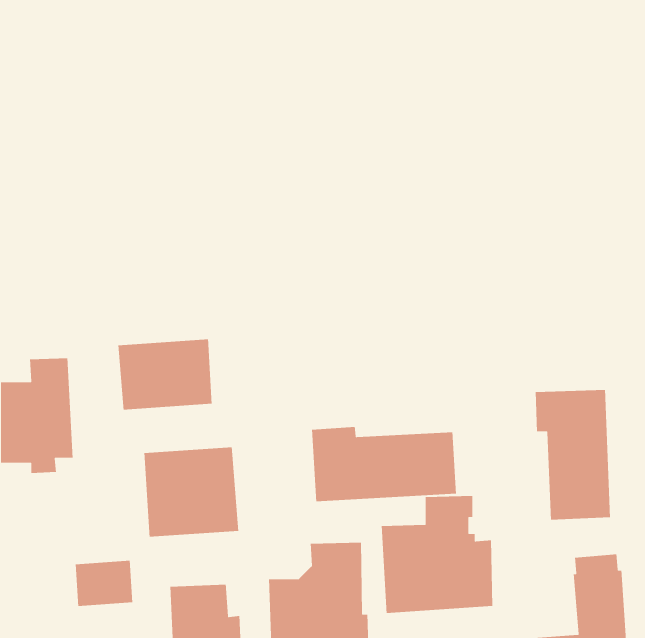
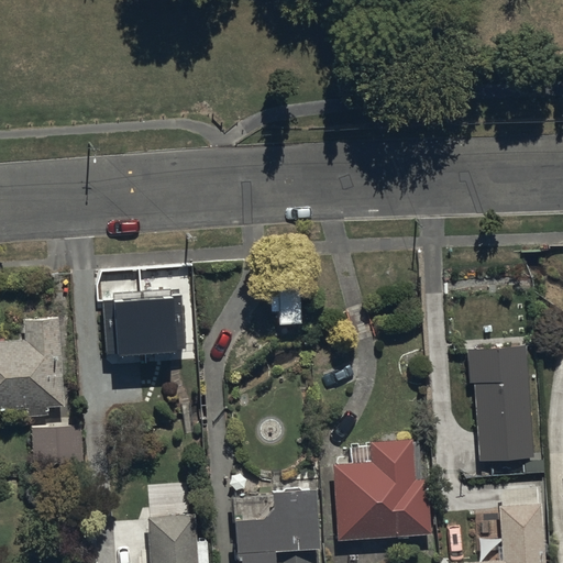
building: [311,426,457,502] -> none
building: [144,447,239,538] -> none
building: [75,560,133,607] -> [33,430,84,471]

